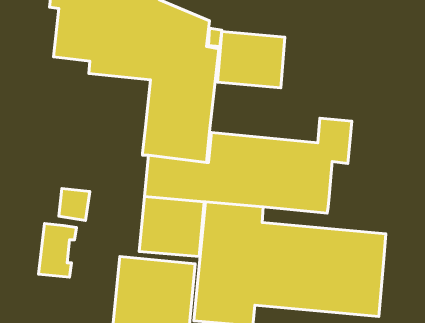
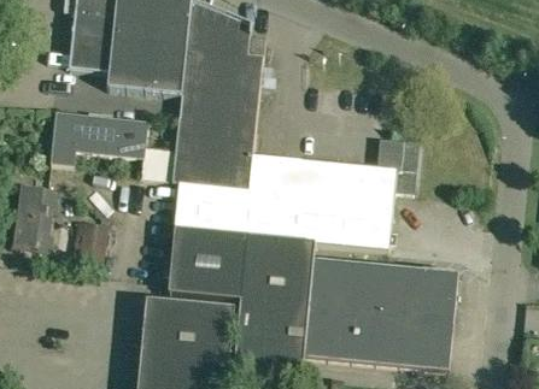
building: [218,31,285,88] -> none
building: none -> [51,112,176,179]
building: [38,223,77,277] -> [17,188,61,251]

